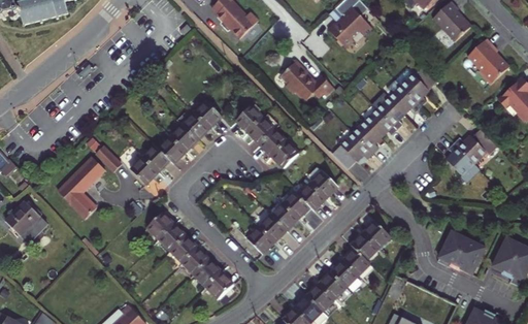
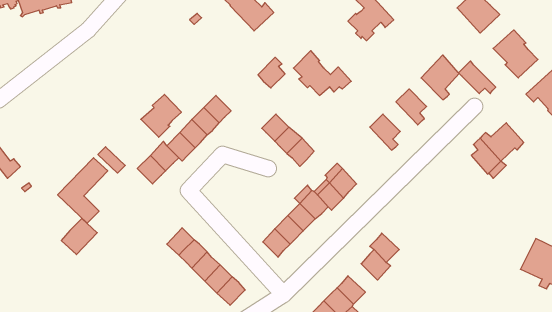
building: [385,80,420,111] -> [459,61,496,94]
building: none -> [141,94,181,137]
building: [236,103,262,132] -> [258,57,285,88]
building: [363,107,396,135] -> none
building: [329,131,371,168] -> none
building: [9,201,43,235] -> [61,219,97,255]
building: [145,213,173,241] -> none
building: [362,219,391,247] -> none
building: [438,230,486,273] -> none
building: [330,260,358,291] -> none

